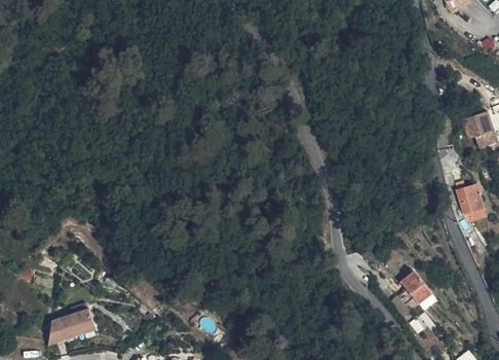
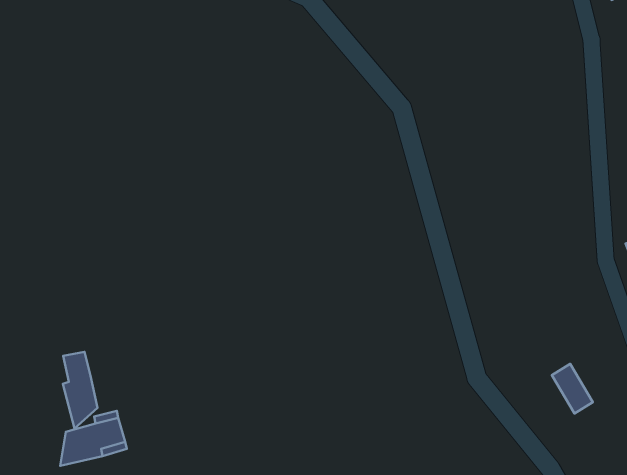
building: none -> [63,352,98,429]

